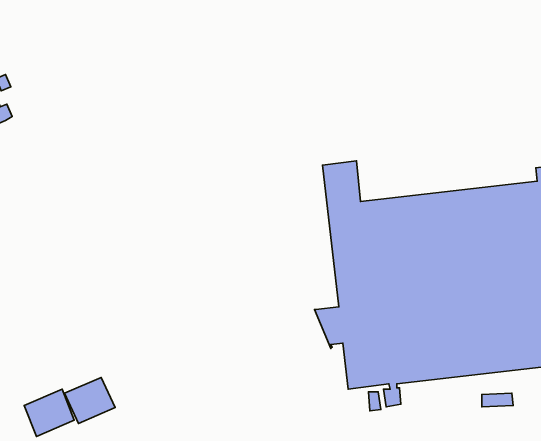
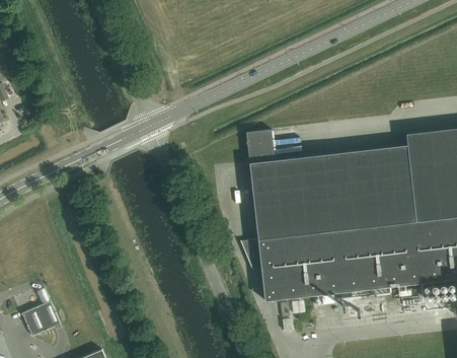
building: [64,377,115,423] -> none

